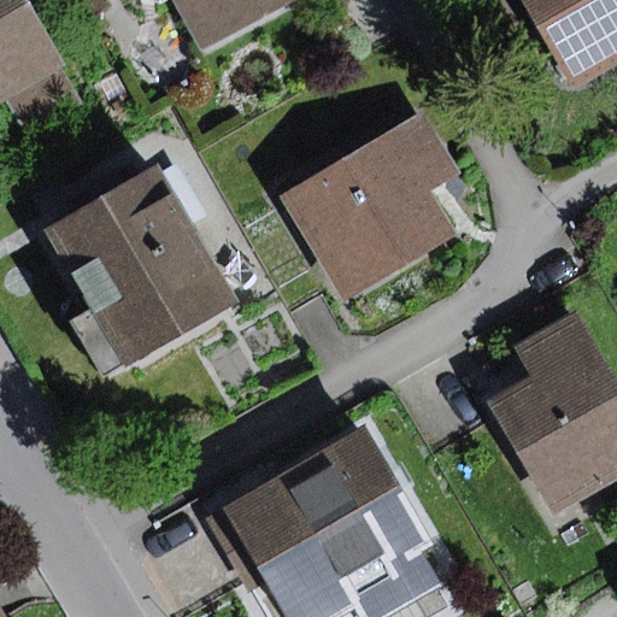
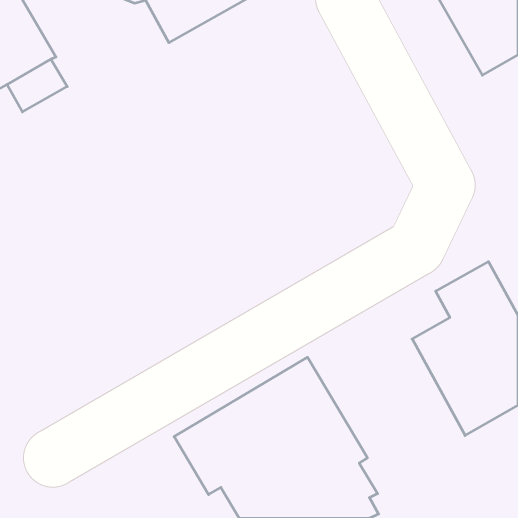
building: [286,114,458,298] -> none
building: [49,170,237,378] -> none

